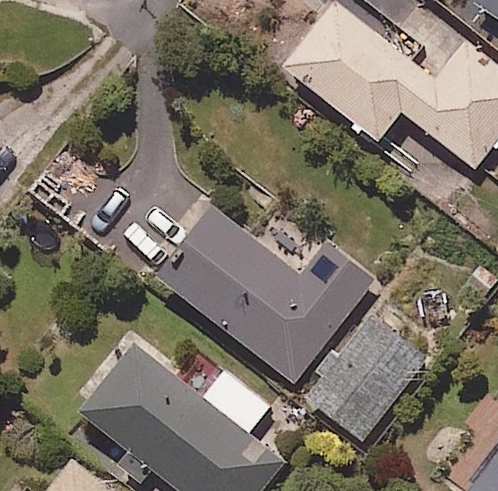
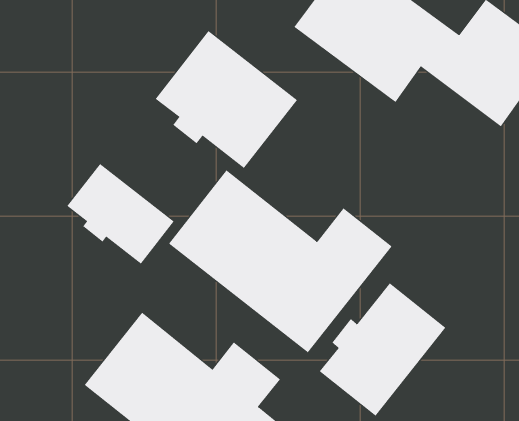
building: none -> [155,30,298,169]
building: none -> [67,163,174,264]

